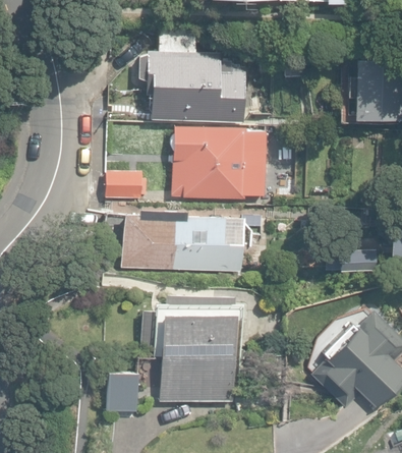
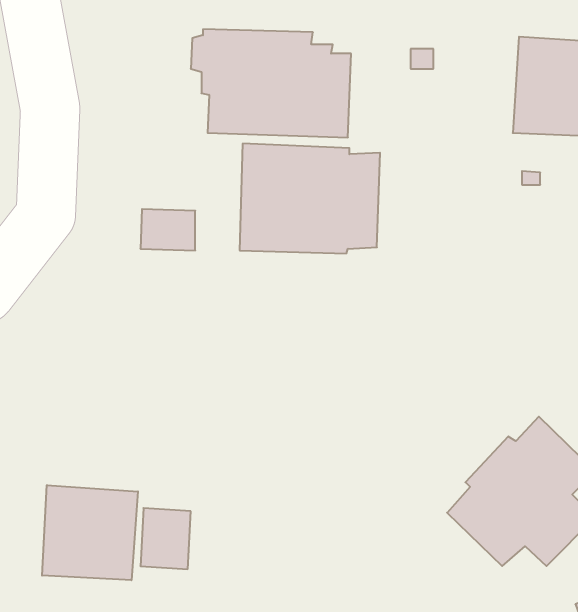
building: [122,209,235,272] -> none
building: [141,293,243,407] -> none
building: none -> [42,485,138,580]

